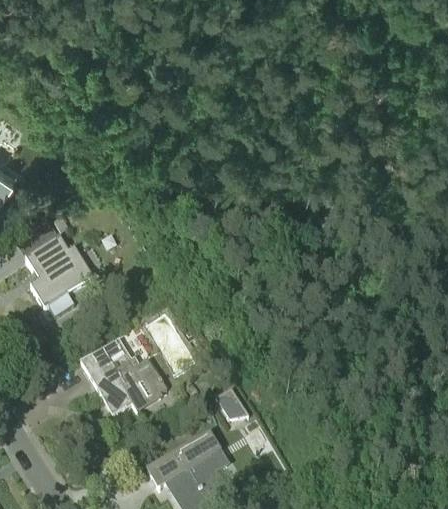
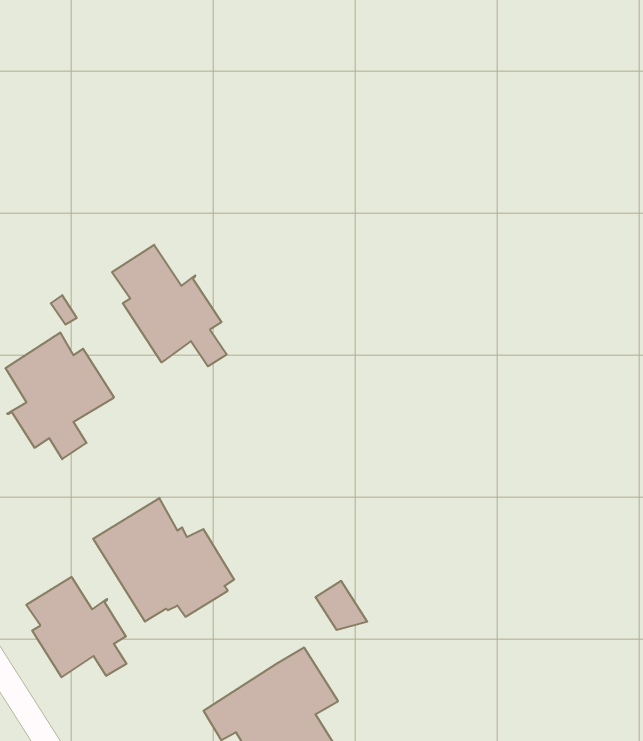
building: none -> [112,245,227,366]
building: none -> [26,577,127,677]

